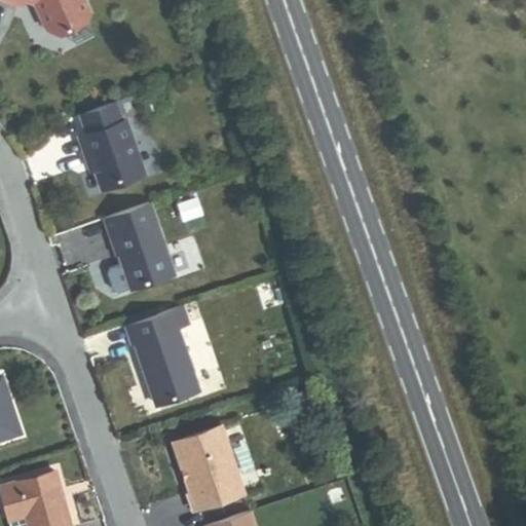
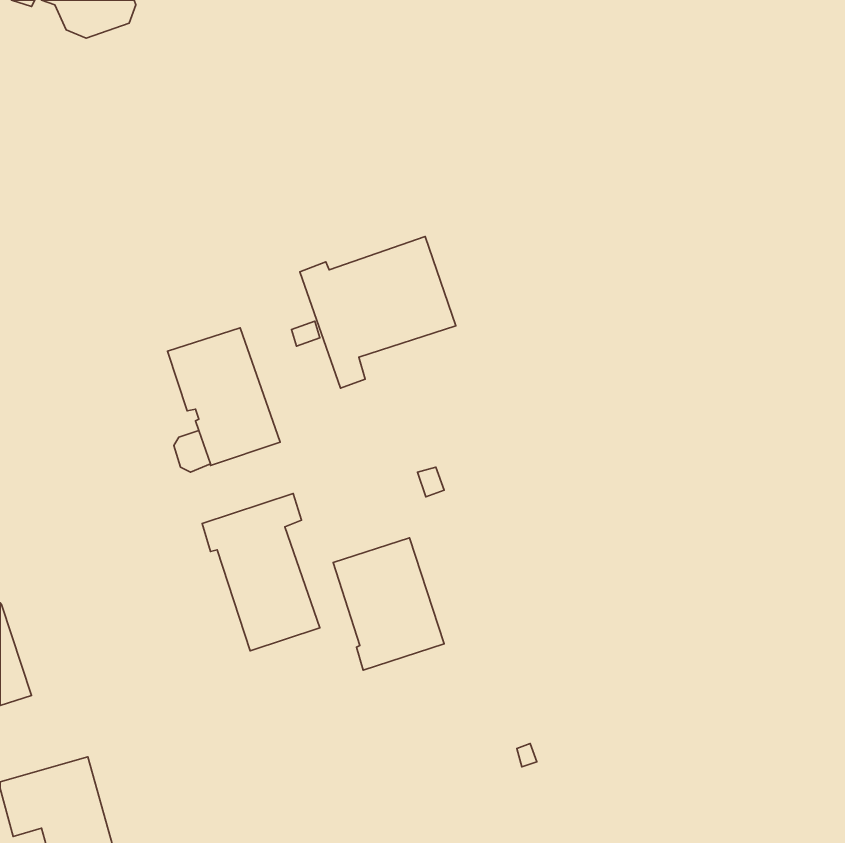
building: [79,101,145,190] -> none
building: none -> [300,237,456,388]
building: [175,428,243,511] -> [333,538,444,670]

